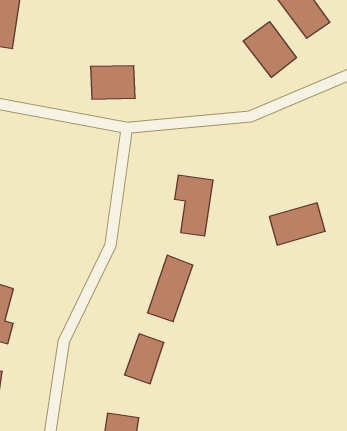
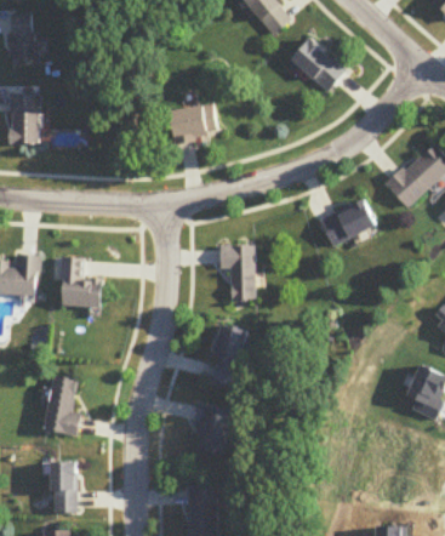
building: [243,22,296,77] -> none
building: [90,66,135,99] -> [167,103,216,142]
building: none -> [61,257,102,306]
building: [269,203,325,245] -> [319,199,376,246]

